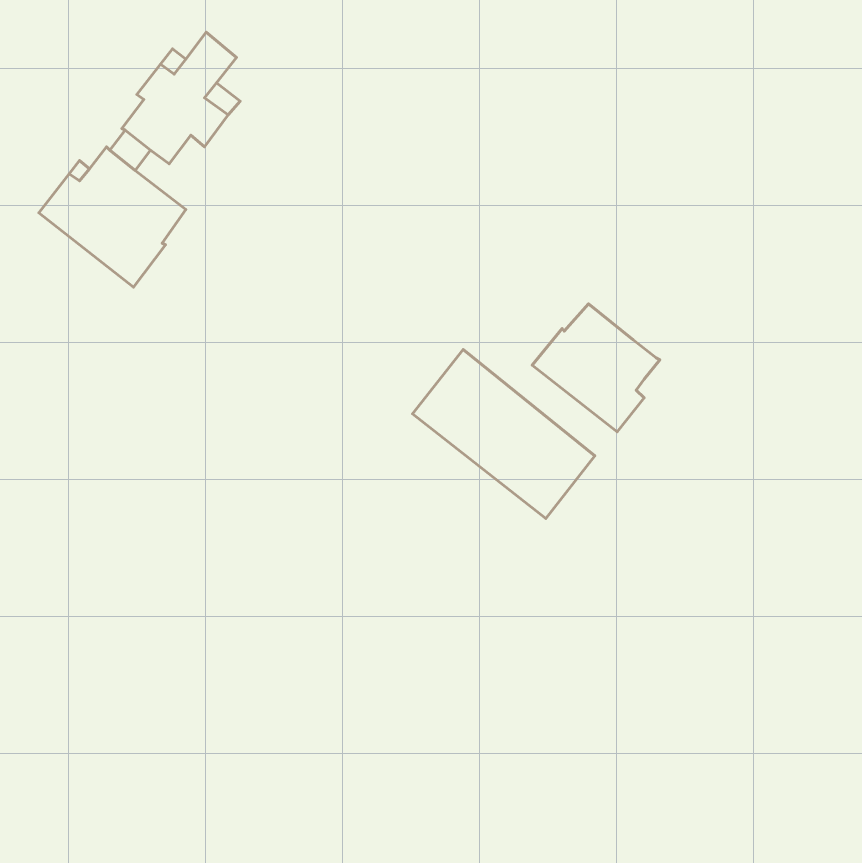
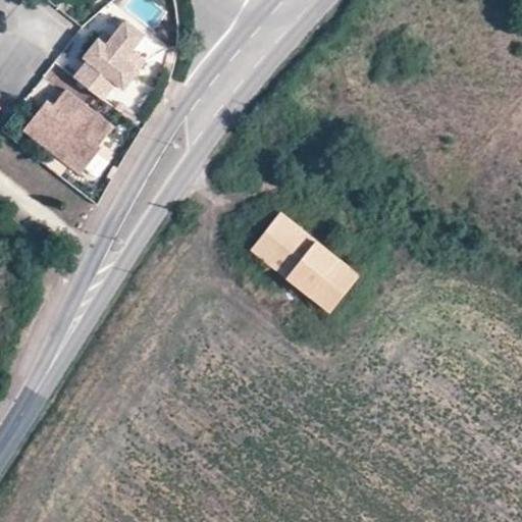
building: [532,304,660,432] -> none

